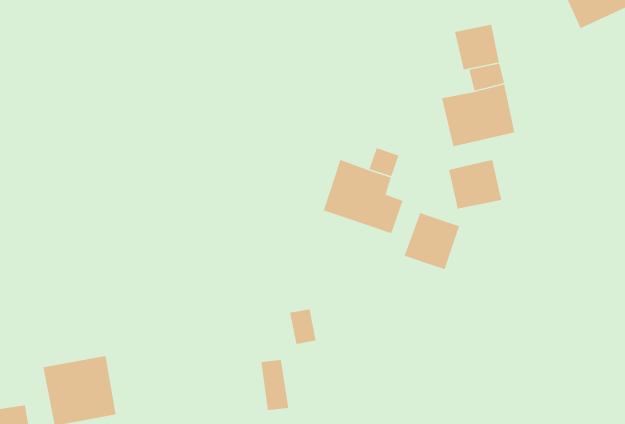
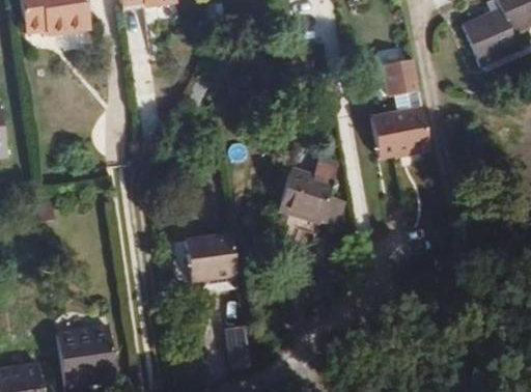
building: [448,159,502,209] -> none
building: [404,212,460,270] -> none
building: none -> [184,234,234,281]

